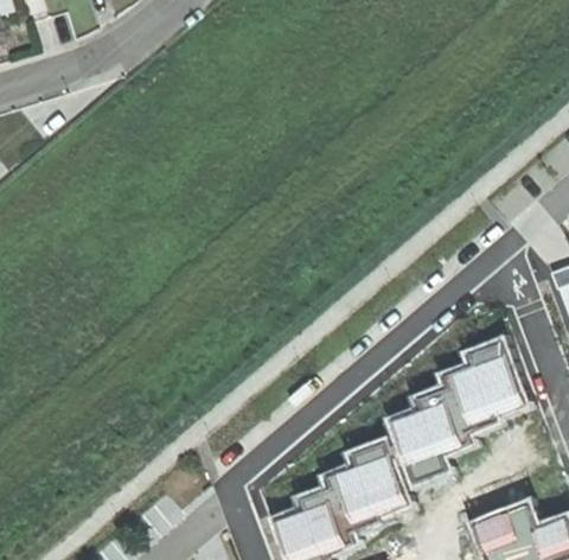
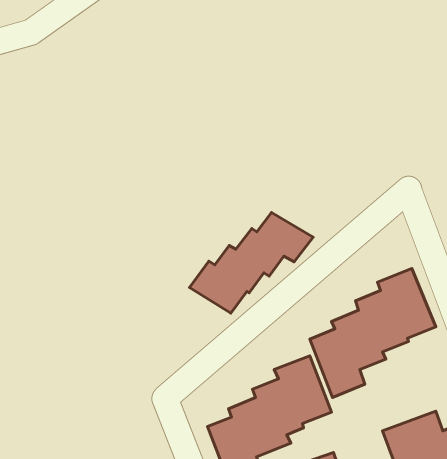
building: none -> [189,213,313,313]

